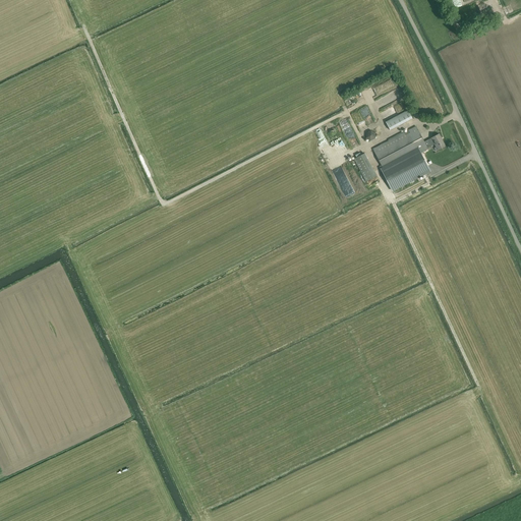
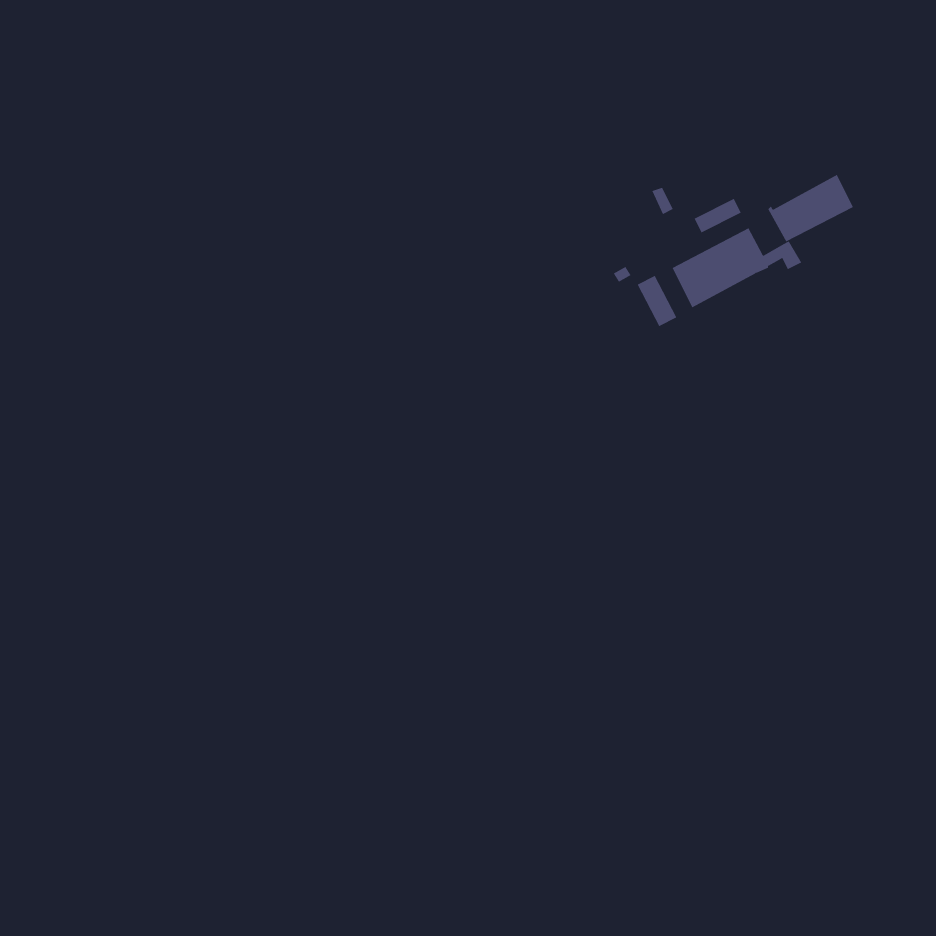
building: [381,152,428,189] -> [768,174,854,242]

